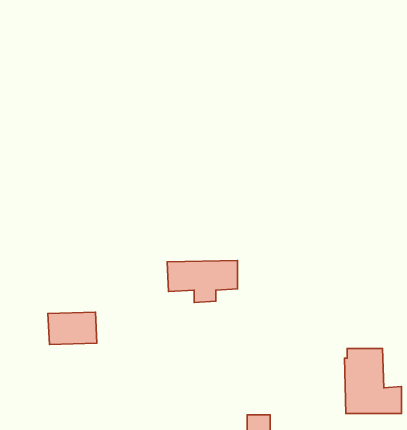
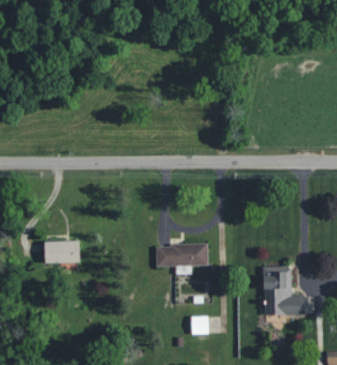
building: [167,260,237,302] -> [156,244,208,275]

